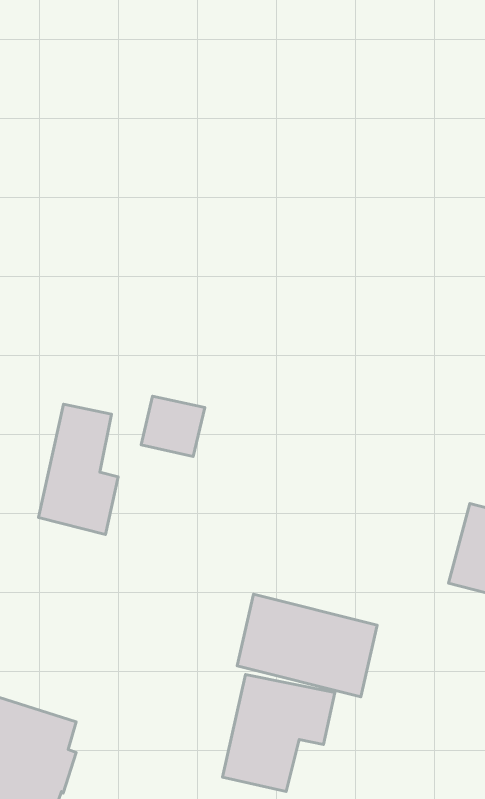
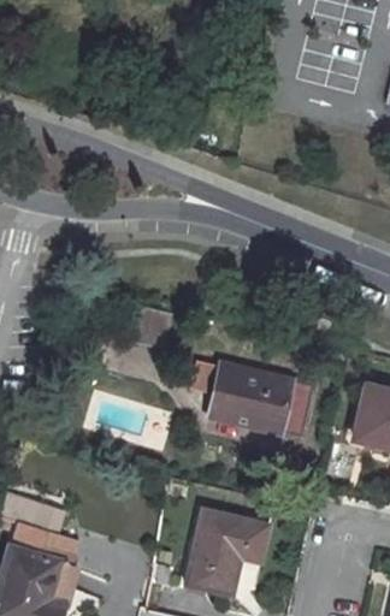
building: [39,404,118,534] -> none
building: [237,594,377,697] -> [209,362,313,438]

